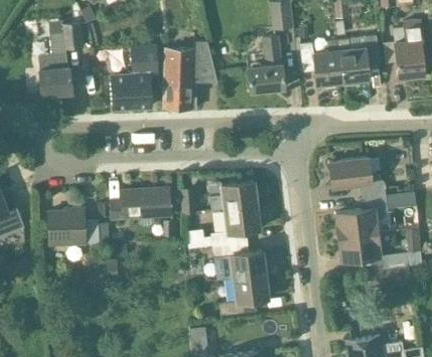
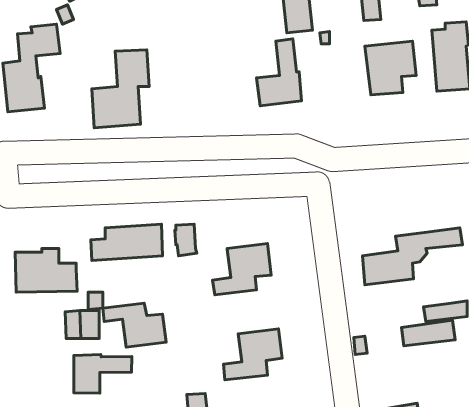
building: [164,41,217,108] -> none
building: [299,41,341,84] -> none
building: [327,158,386,198] -> none
building: [210,181,256,210] -> none
building: [336,233,380,261] -> none
building: [212,242,265,279] -> [103,303,166,347]
building: none -> [74,355,132,393]

